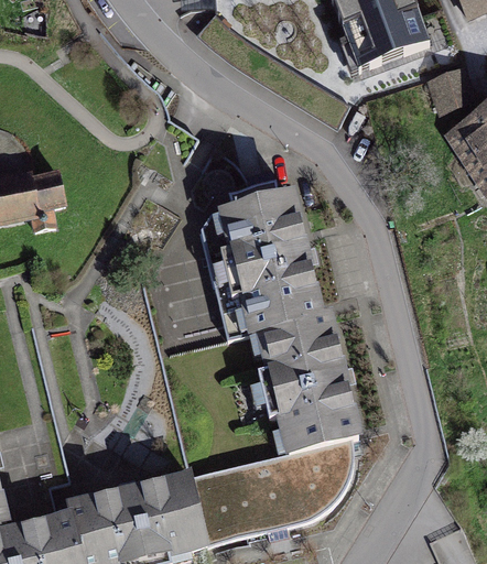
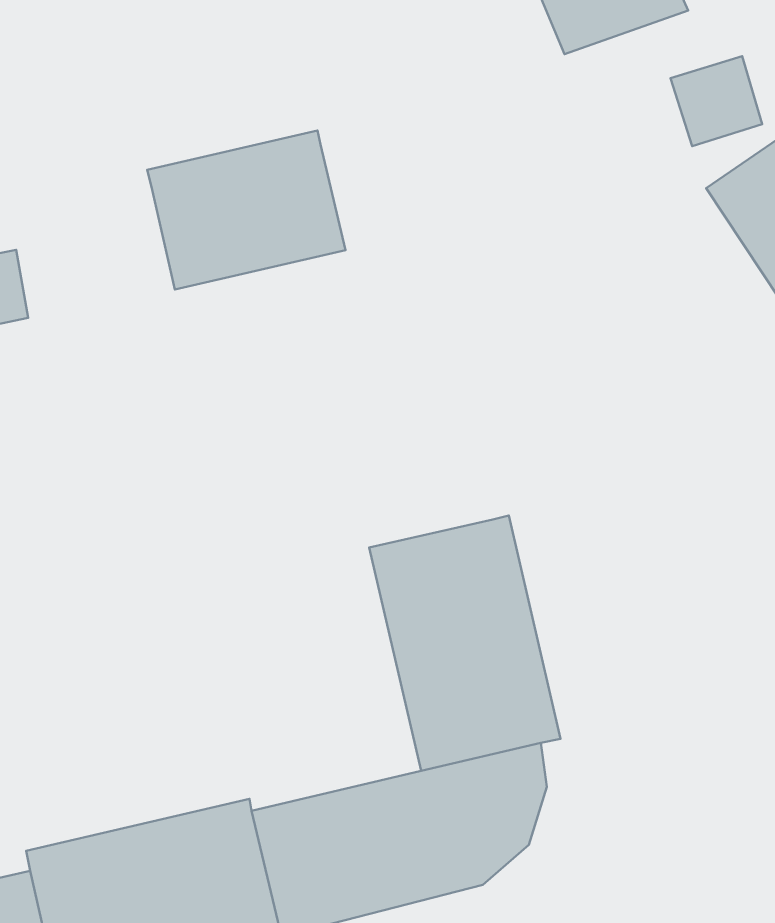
building: none -> [147,131,345,289]
building: [215,194,322,336] -> none

